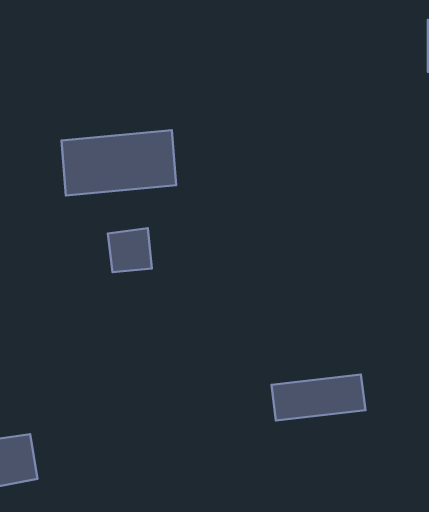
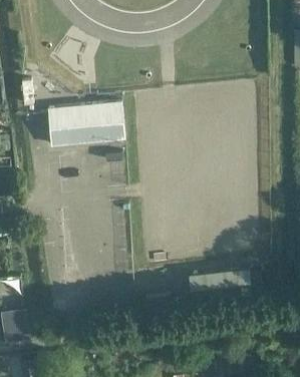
building: [108,228,152,272] -> none

